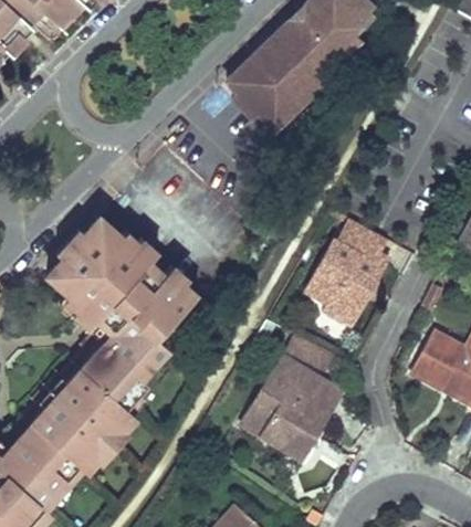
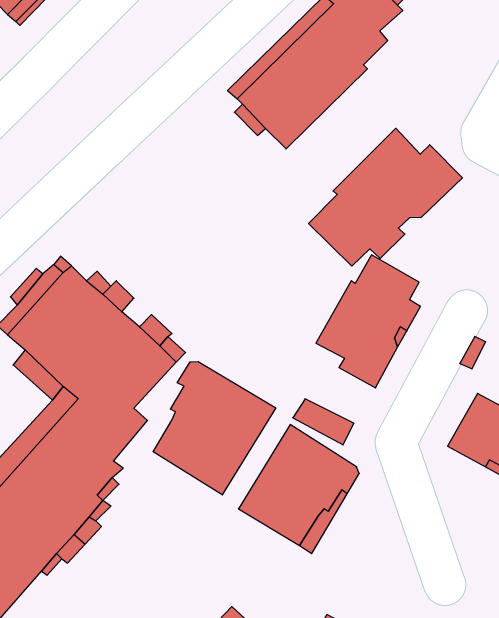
building: none -> [309,128,462,266]
building: none -> [153,362,276,495]

